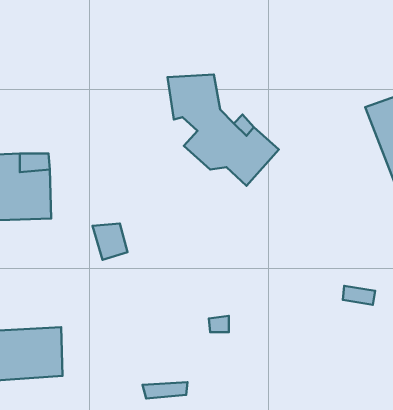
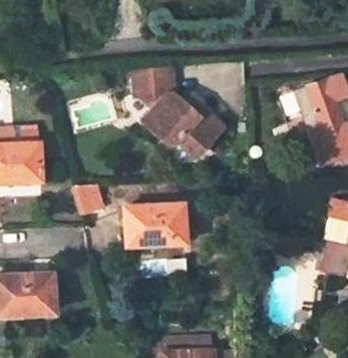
building: none -> [124,207,185,250]

